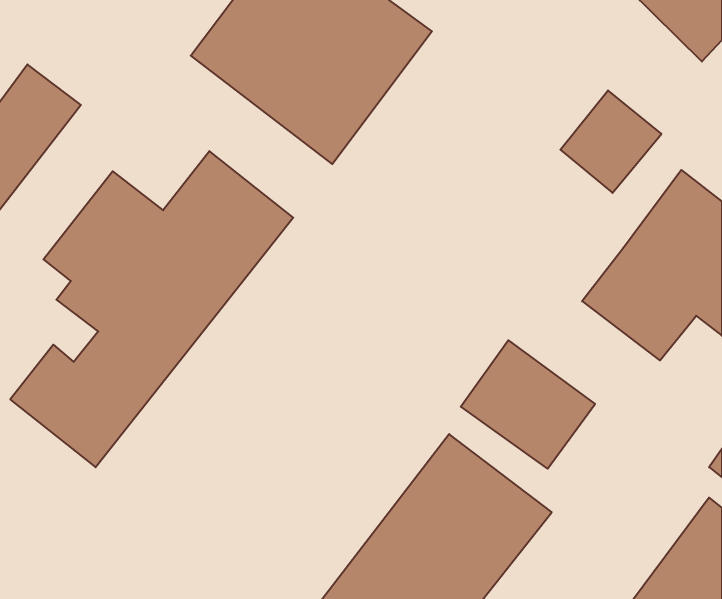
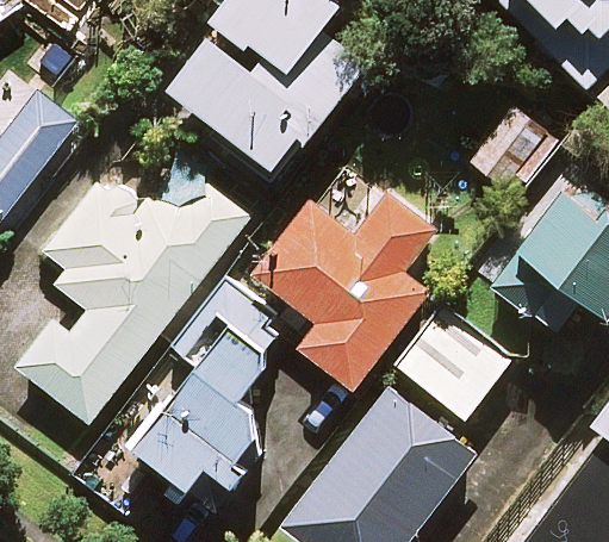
building: none -> [251,199,428,392]
building: none -> [128,285,280,505]

